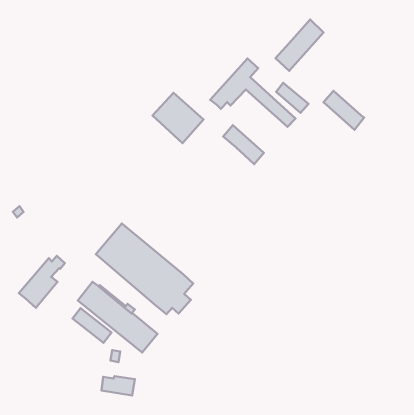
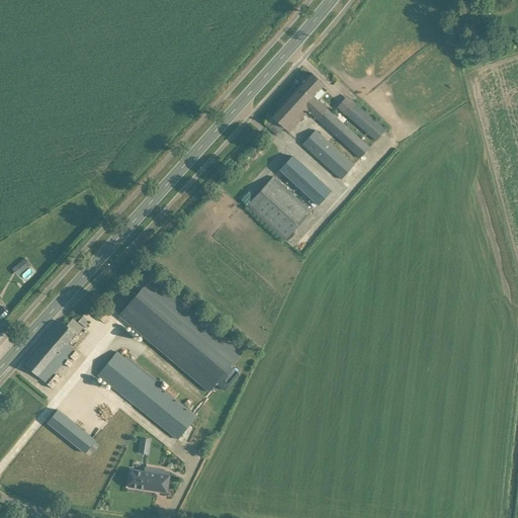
building: [275,20,324,71] -> none
building: [324,91,364,130] -> [301,131,352,179]
building: [152,93,204,143] -> [246,177,310,240]
building: [73,308,111,343] -> [46,409,94,452]

